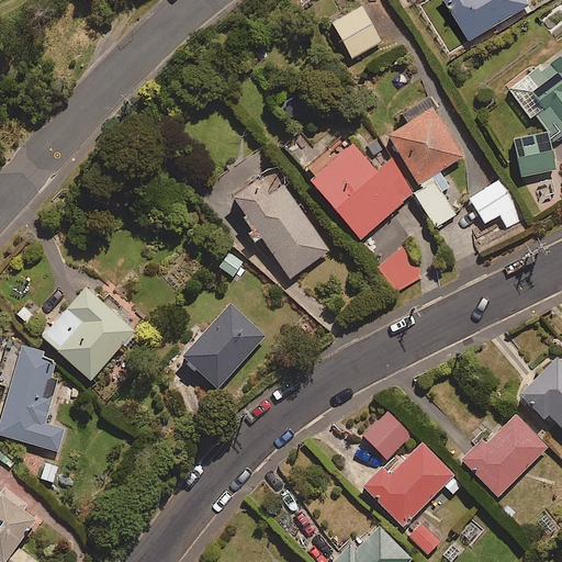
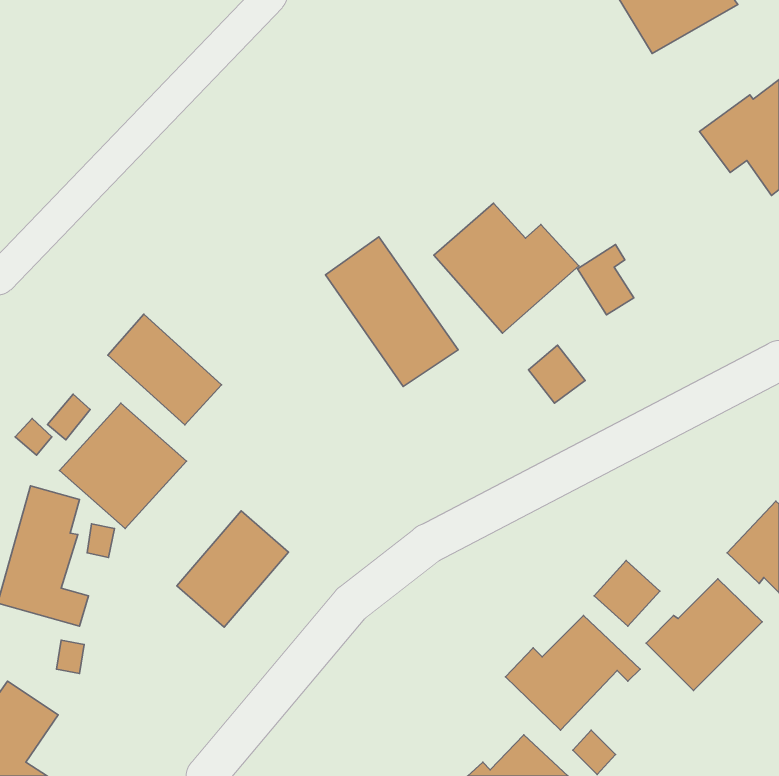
building: [331,5,381,57] -> none
building: [390,99,463,183] -> none
building: [515,133,554,176] -> none
building: [470,179,520,224] -> none
building: none -> [108,314,221,425]
building: [184,306,265,390] -> [177,511,288,627]
building: [363,412,411,459] -> [594,561,660,626]

